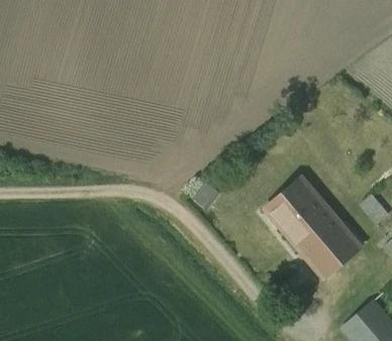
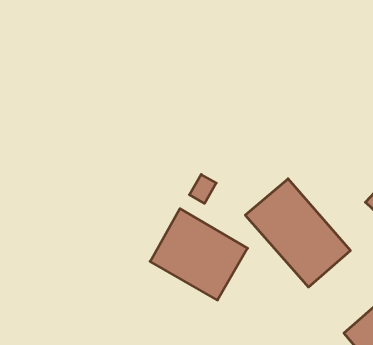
building: none -> [150,209,248,300]

